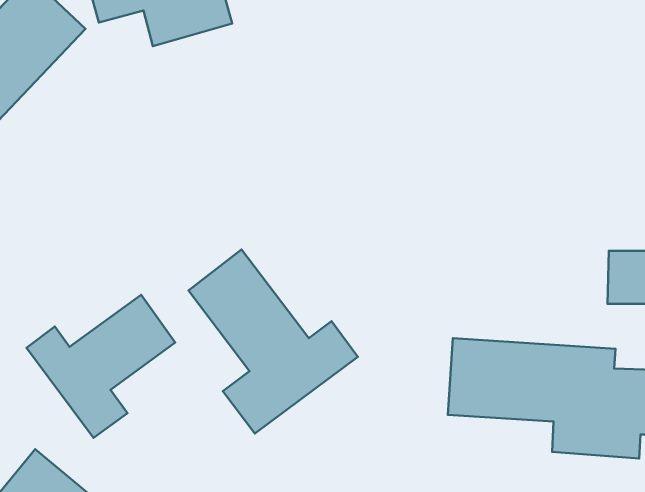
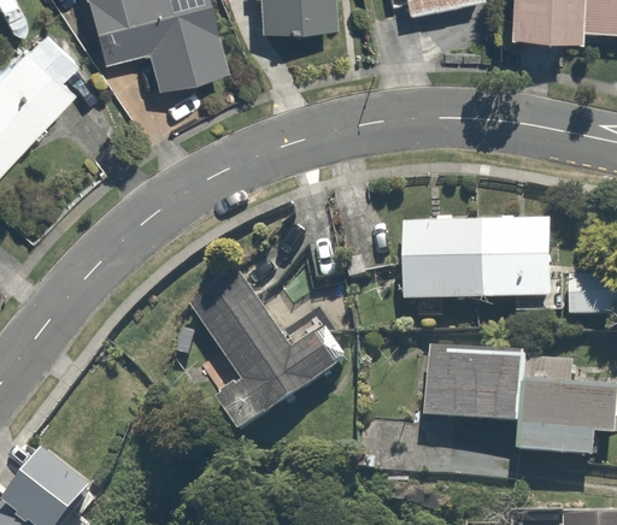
building: none -> [404,217,557,302]
building: [27,295,175,438] -> none

